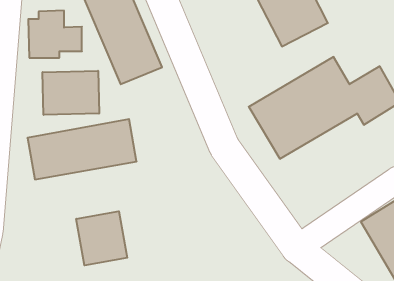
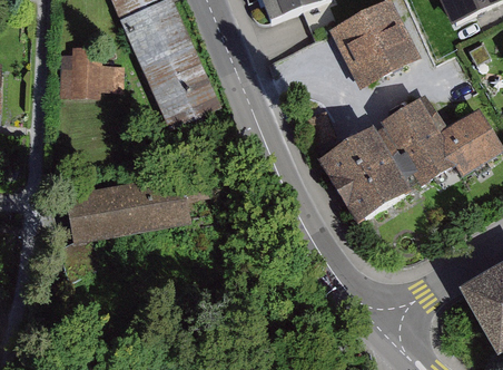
building: [43,71,99,115] -> none
building: [76,211,127,265] -> none

